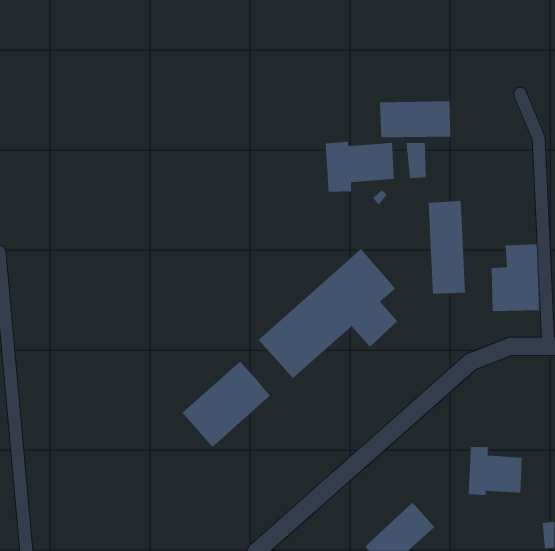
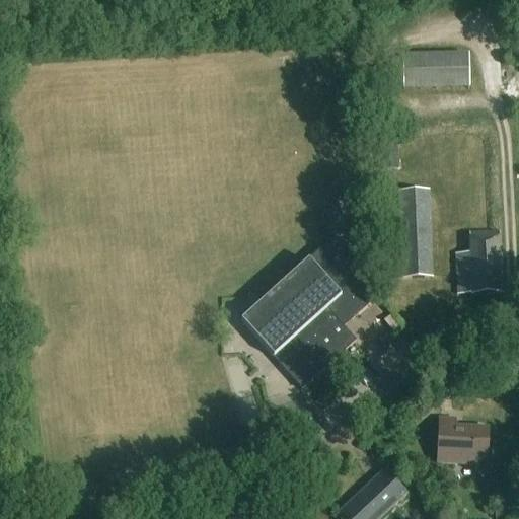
building: [379,101,451,138] -> [401,52,468,86]
building: [325,141,394,193] -> none
building: [182,361,271,448] -> [273,304,356,385]

